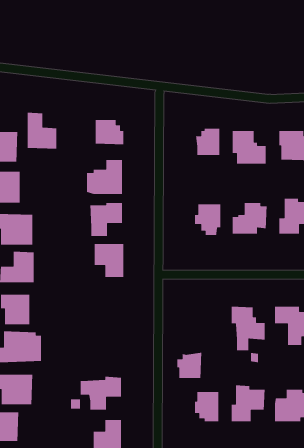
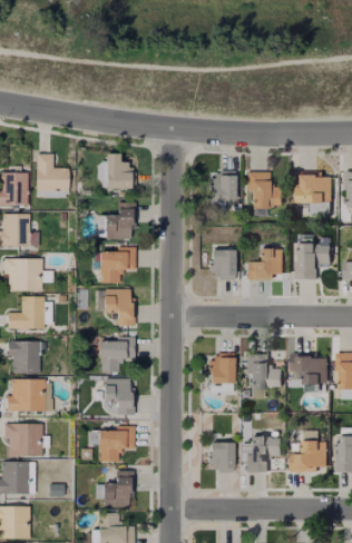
building: none -> [97,337,134,372]
building: none -> [89,379,133,415]
building: [176,352,202,379] -> [204,363,231,391]

